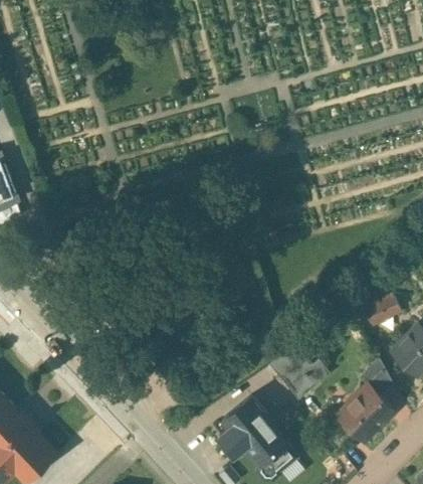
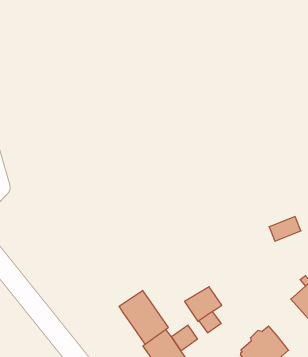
building: [363,296,400,326] -> [269,217,301,241]
building: none -> [119,290,168,344]
building: [358,359,393,396] -> none

